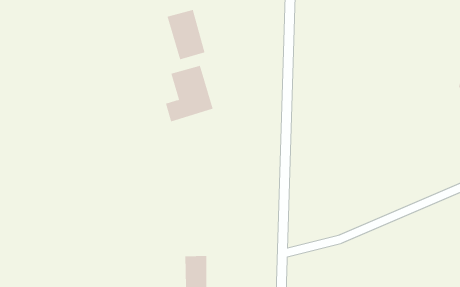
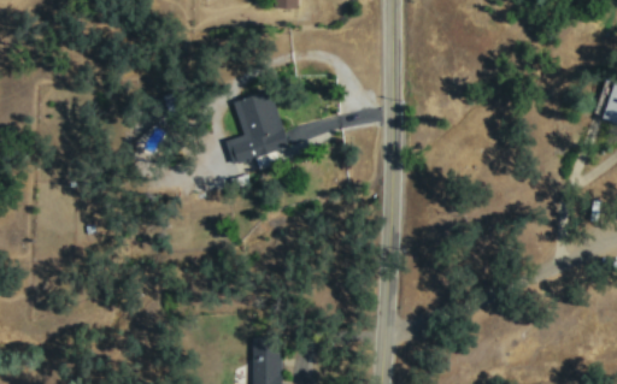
building: [167,9,205,60] -> none

